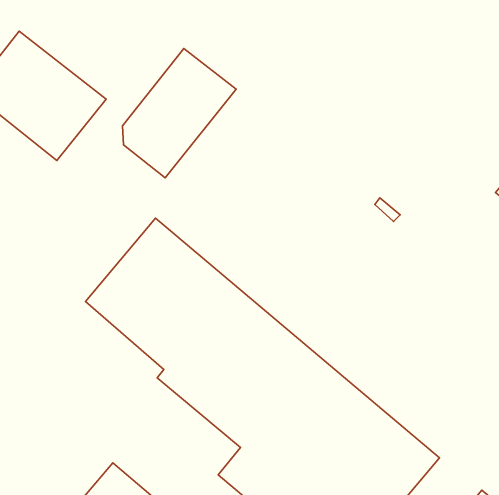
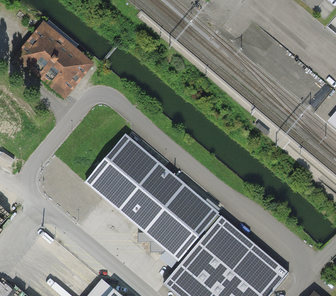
building: [123,48,236,178] -> none

